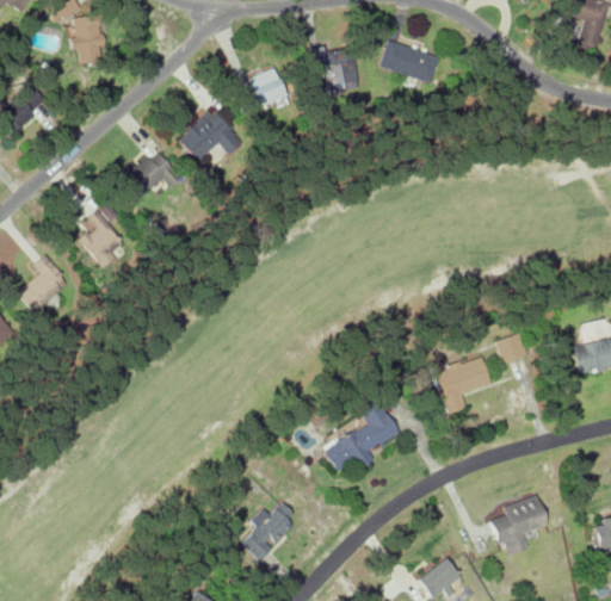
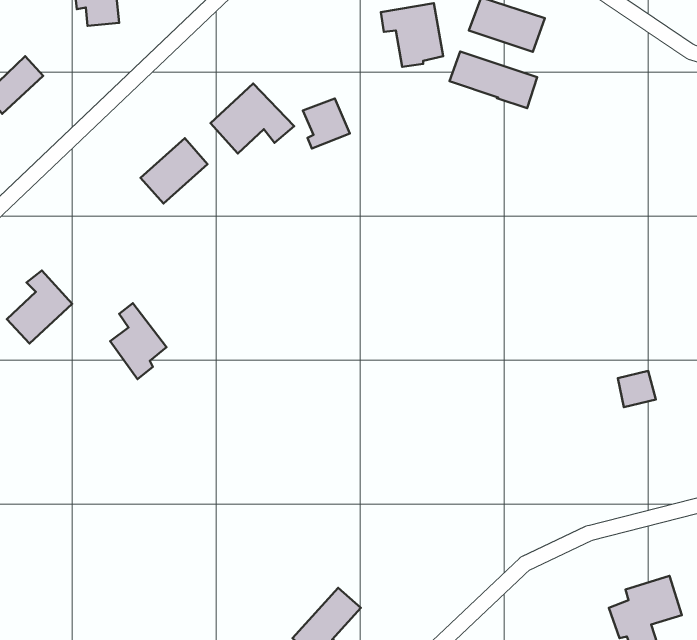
building: [249,68,286,107] -> [303,98,350,149]
building: none -> [449,51,537,108]
building: [81,209,125,268] -> [110,303,166,379]
building: [434,358,492,414] -> none
building: [323,402,401,471] -> none

